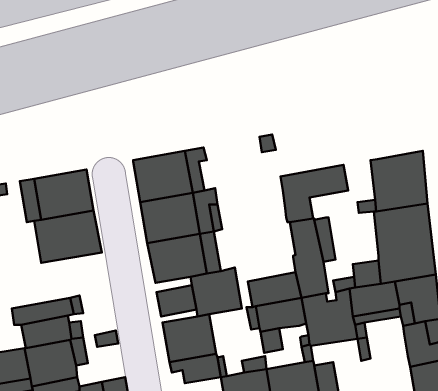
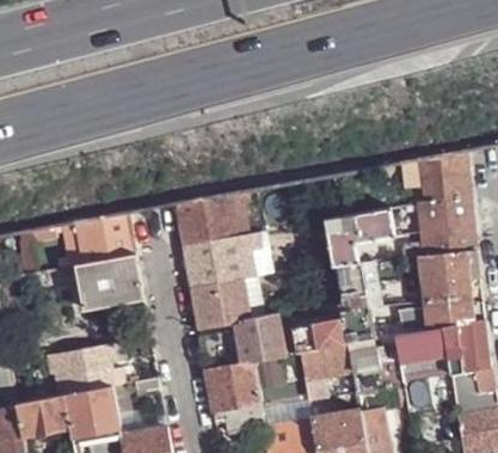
building: none -> [422,151,472,203]

